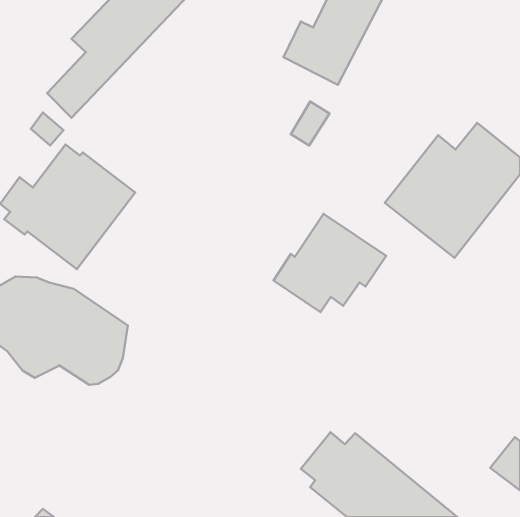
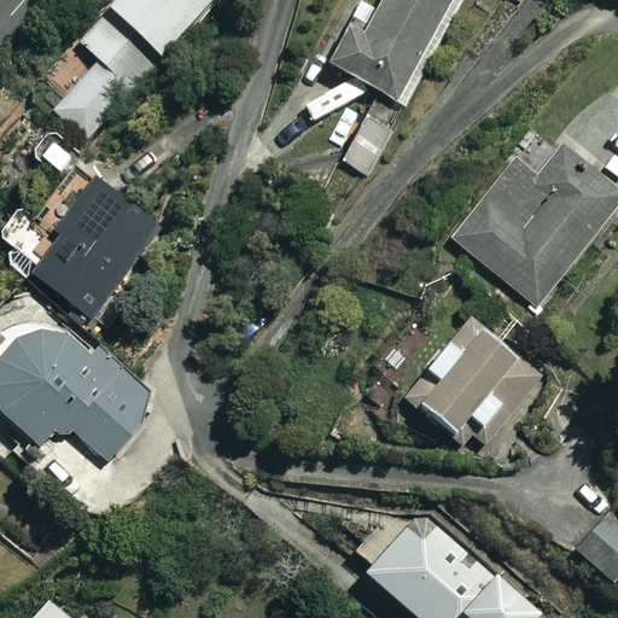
building: [273,214,386,312] -> [408,323,541,439]

